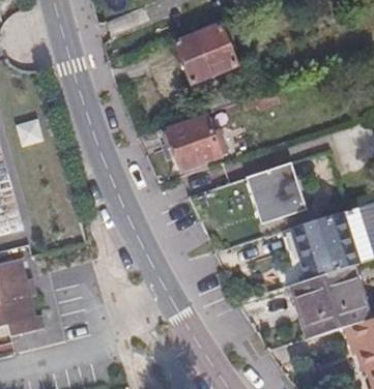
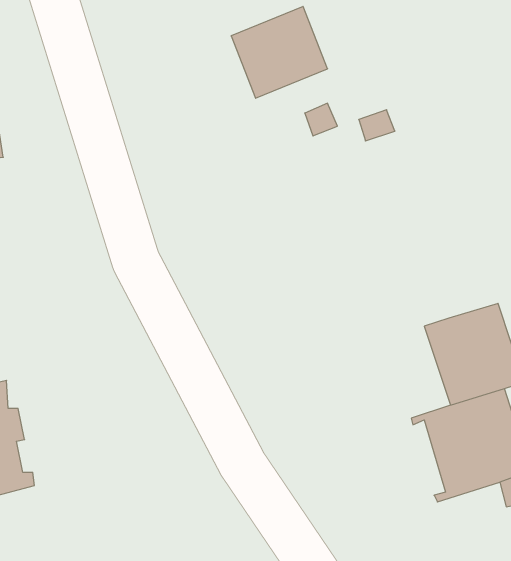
building: [163,118,225,167] -> none
building: [243,164,299,226] -> none

